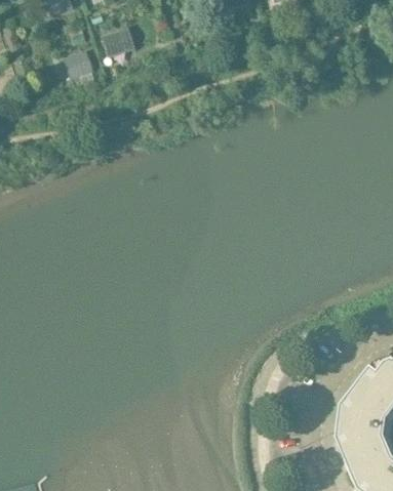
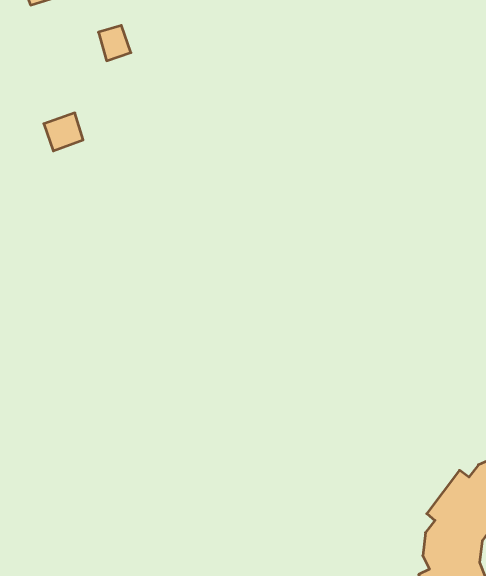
building: [58,48,88,77] -> [44,113,83,151]

